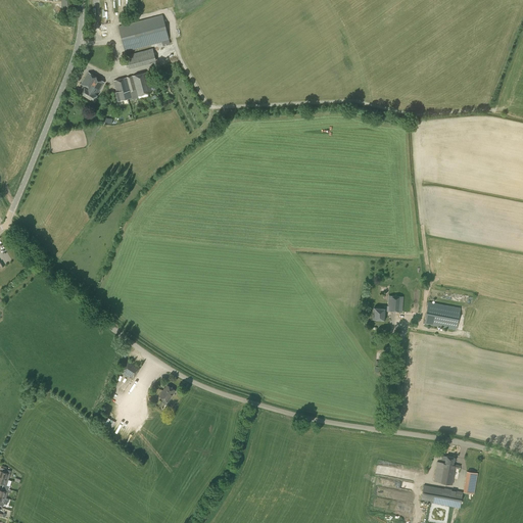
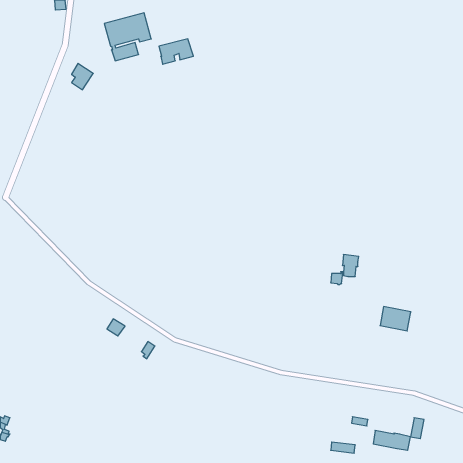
building: [113,73,152,101] -> [159,39,193,64]
building: [425,302,460,330] -> [380,307,411,331]
building: [433,456,460,484] -> none

